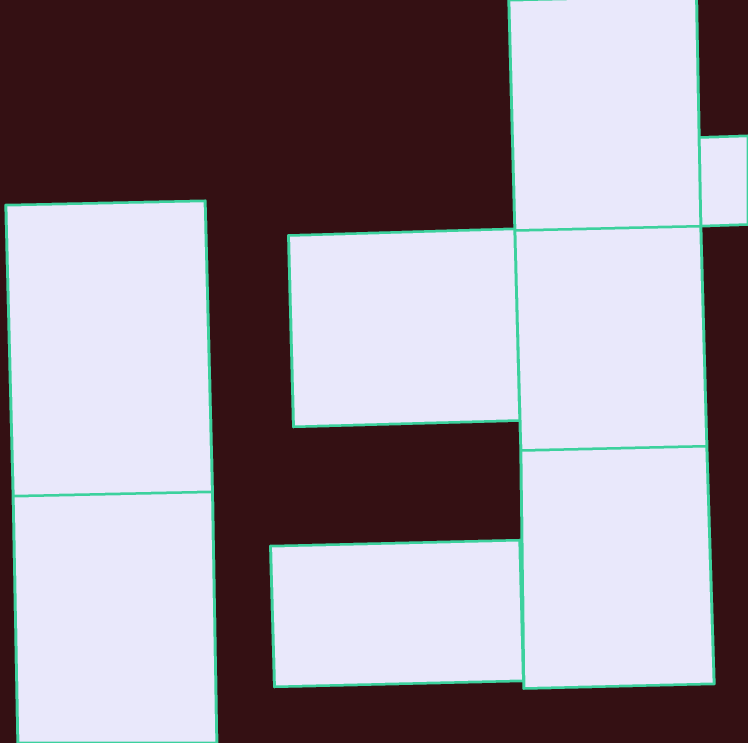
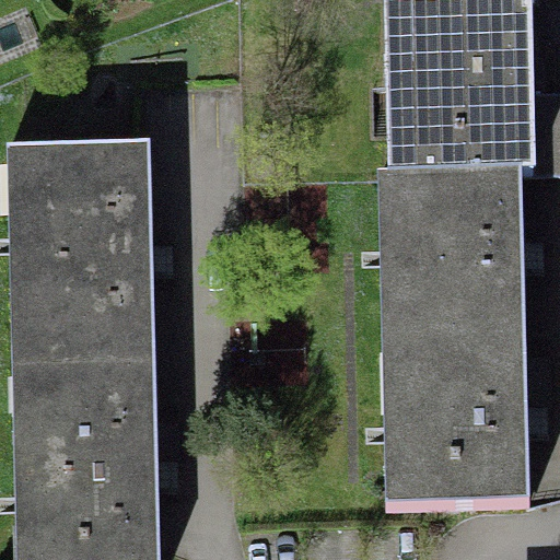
building: [288,229,520,427] -> none
building: [270,540,524,687] -> none

